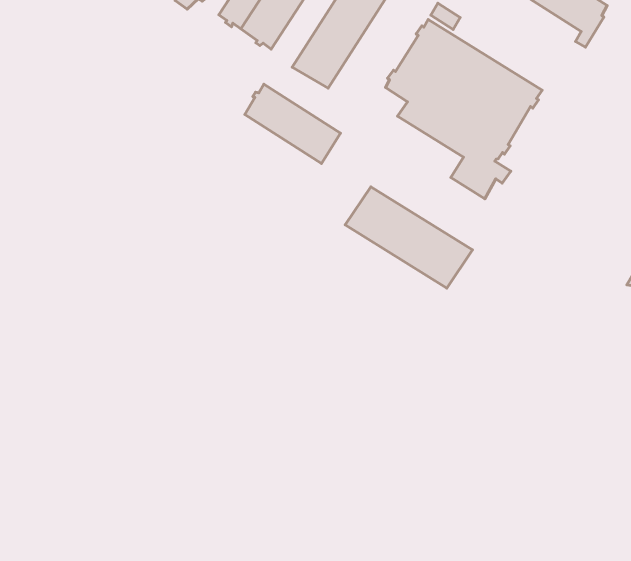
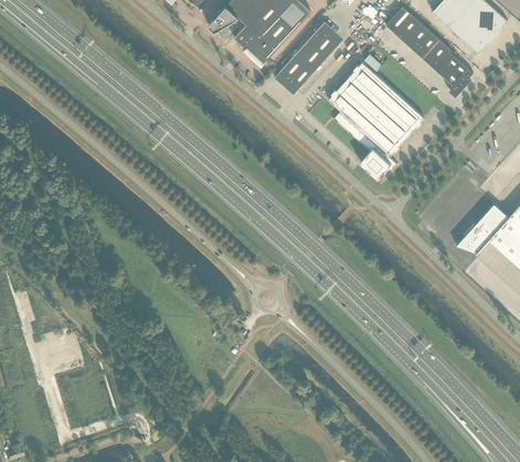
building: [245,84,340,164] -> none
building: [345,187,473,288] -> none

